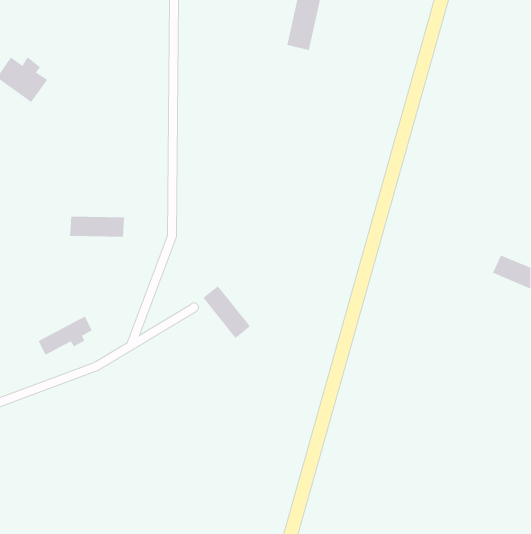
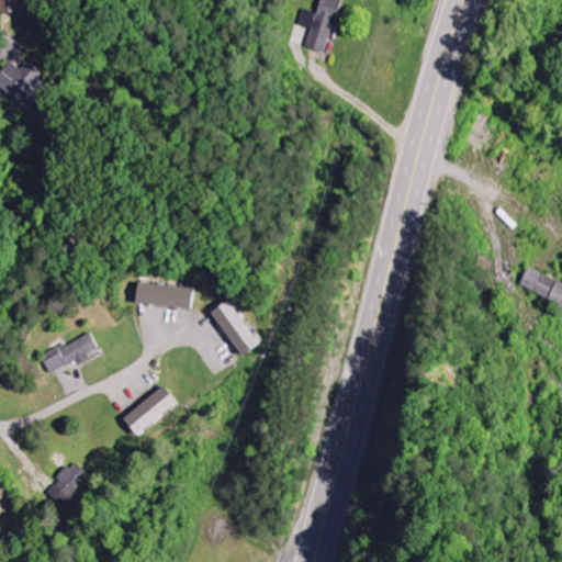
building: [69,216,125,237] -> [137,283,195,305]
building: none -> [127,383,180,434]
building: none -> [46,460,89,504]

